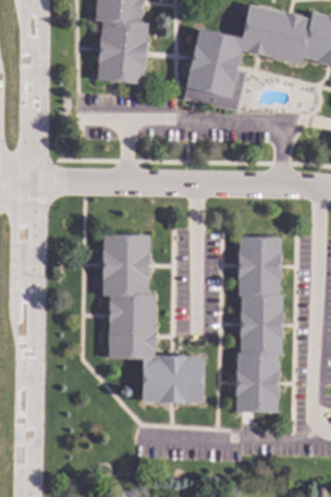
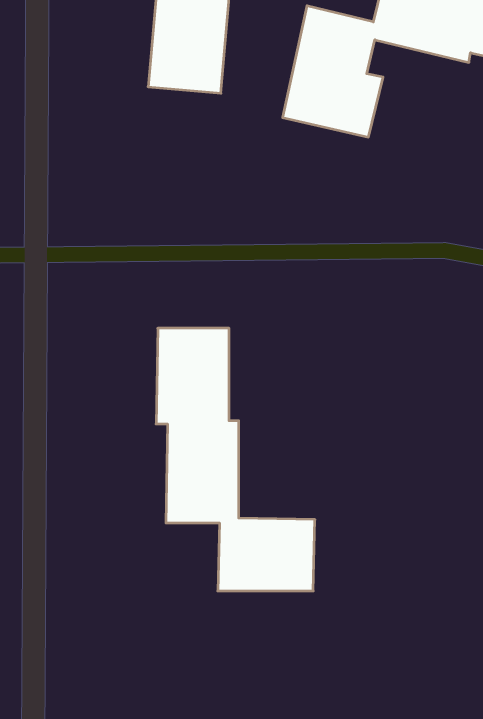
building: [236,236,282,411] -> none

